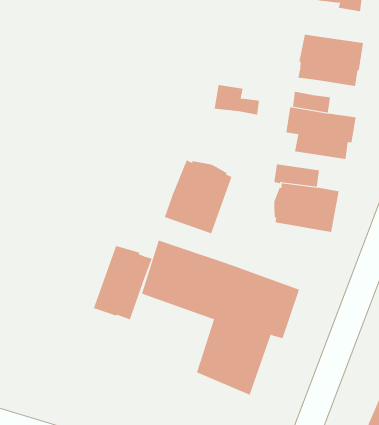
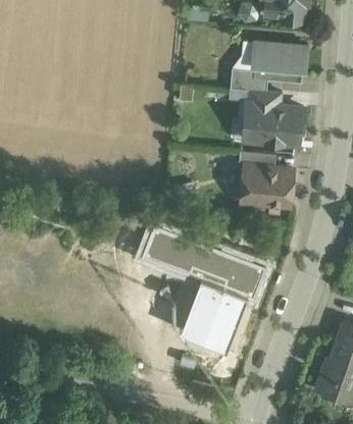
building: [214,84,260,115] -> [230,69,267,93]
building: [164,160,232,234] -> none
building: [93,245,152,320] -> none

